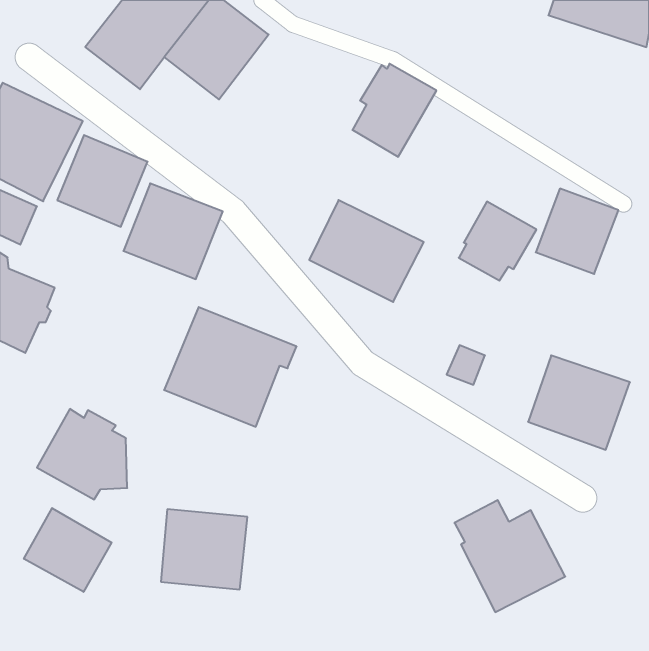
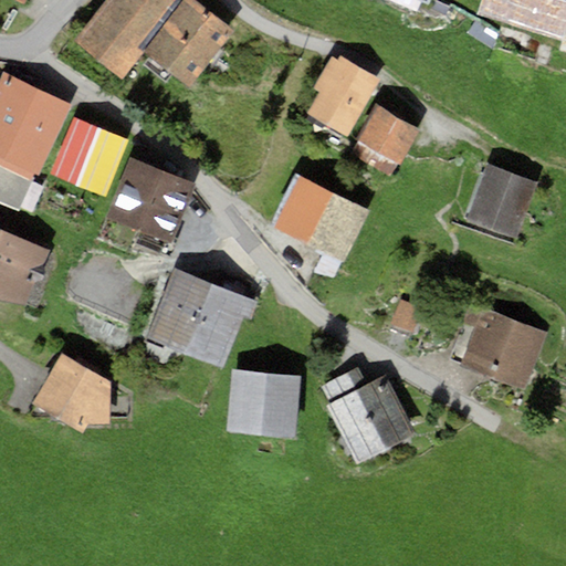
building: [459,202,536,281] -> [353,105,420,174]
building: [454,500,565,612] -> [319,367,416,464]
building: [24,508,112,592] -> none
building: [161,509,247,589] -> [226,368,301,438]

